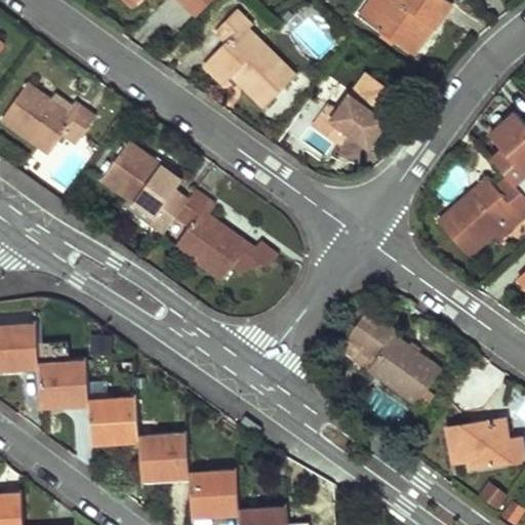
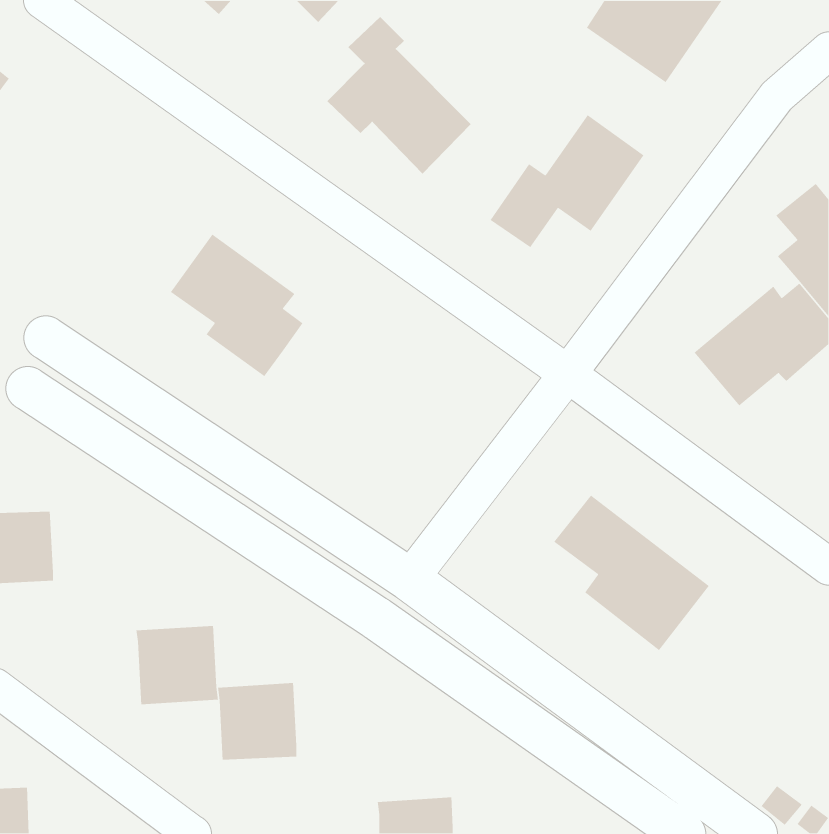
building: [6,87,99,157] -> none
building: [177,194,280,282] -> none
building: [34,358,86,405] -> none
building: [444,400,513,473] -> none
building: [187,466,238,515] -> none

